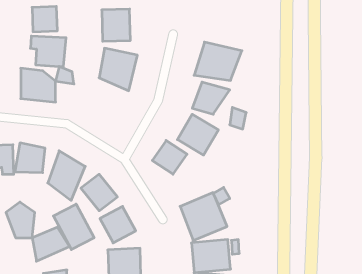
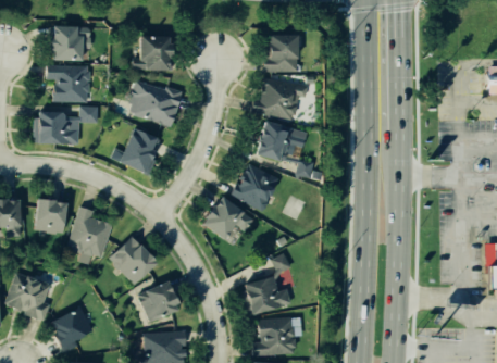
building: none -> [265,32,298,72]
building: none -> [119,124,160,177]
building: [53,204,94,250] -> none

